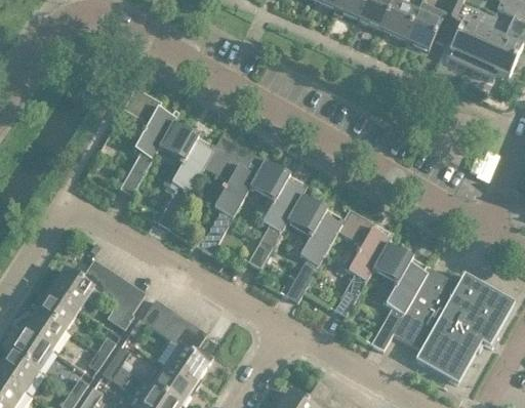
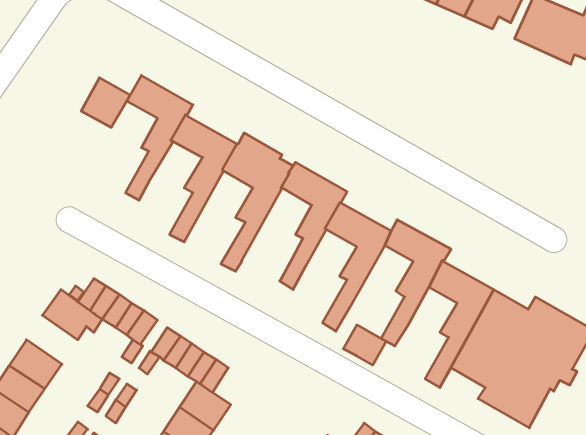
building: none -> [81,78,130,127]
building: [37,289,80,330] -> none
building: none -> [343,325,386,365]

